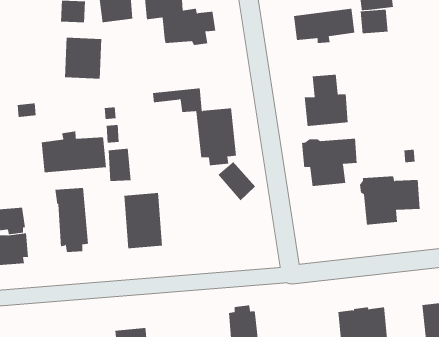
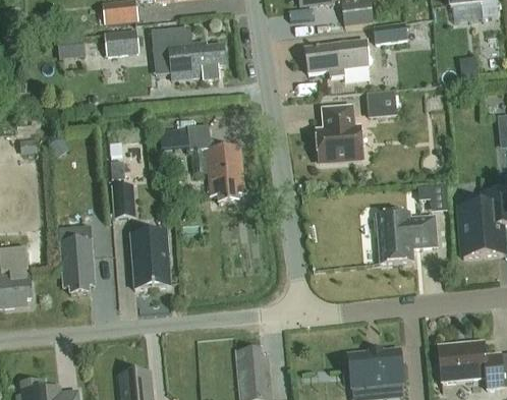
building: [360,9,388,34] -> [365,92,395,117]
building: [64,37,102,79] -> none
building: [41,130,106,173] -> none
building: [301,138,357,187] -> none
building: [218,161,256,201] -> none

